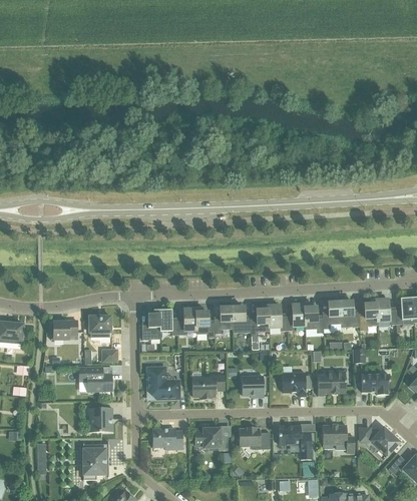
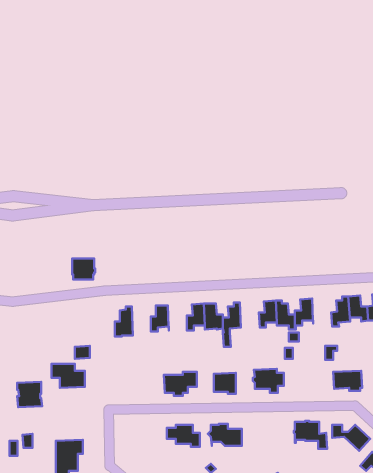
building: [340,301,360,330] -> none
building: [268,305,288,331] -> none
building: [195,308,215,338] -> none
building: [159,309,178,339] -> none
building: [89,316,112,337] -> [72,258,95,279]
building: [51,320,77,339] -> none
building: [147,367,179,399] -> none
building: [318,371,346,395] -> none
building: [88,407,113,432] -> [17,382,42,407]
building: [279,426,311,459] -> none
building: [152,428,182,449] -> none

